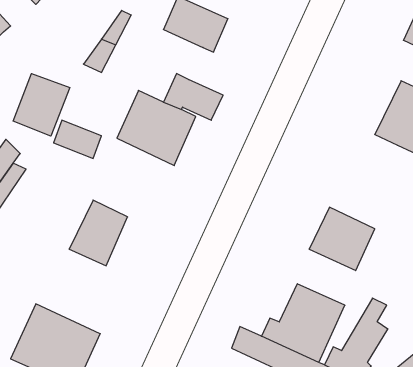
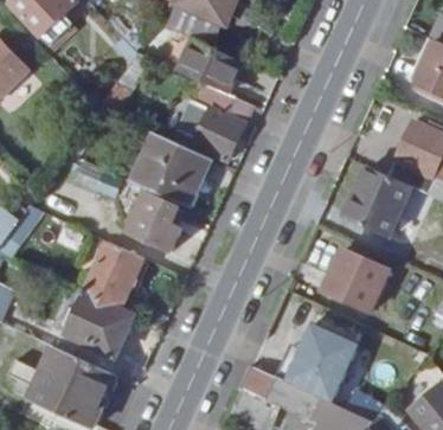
building: none -> [203,90,251,137]
building: [13,74,70,136] -> none
building: none -> [345,167,410,236]
building: none -> [127,193,181,251]
building: none -> [66,291,134,355]

